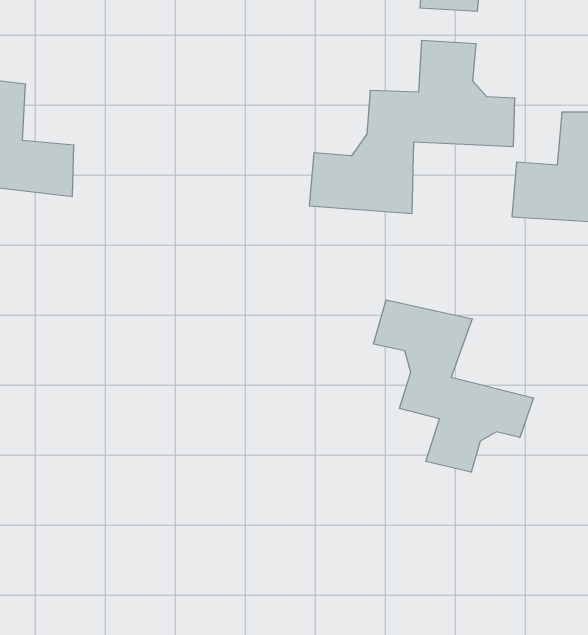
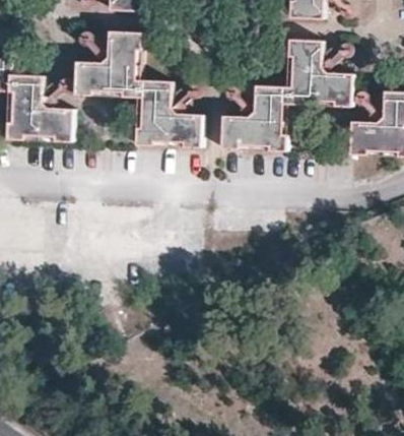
building: none -> [69,28,201,146]
building: [374,300,534,472] -> none

